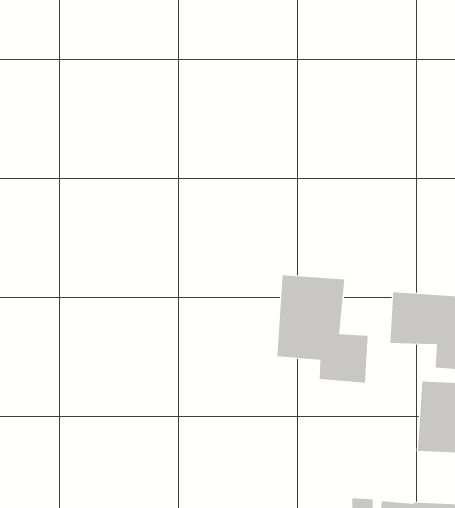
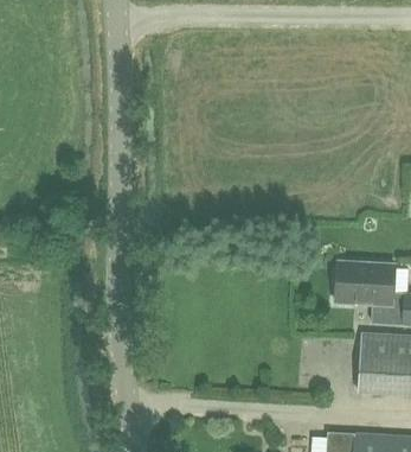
building: [277,275,368,383] -> none

